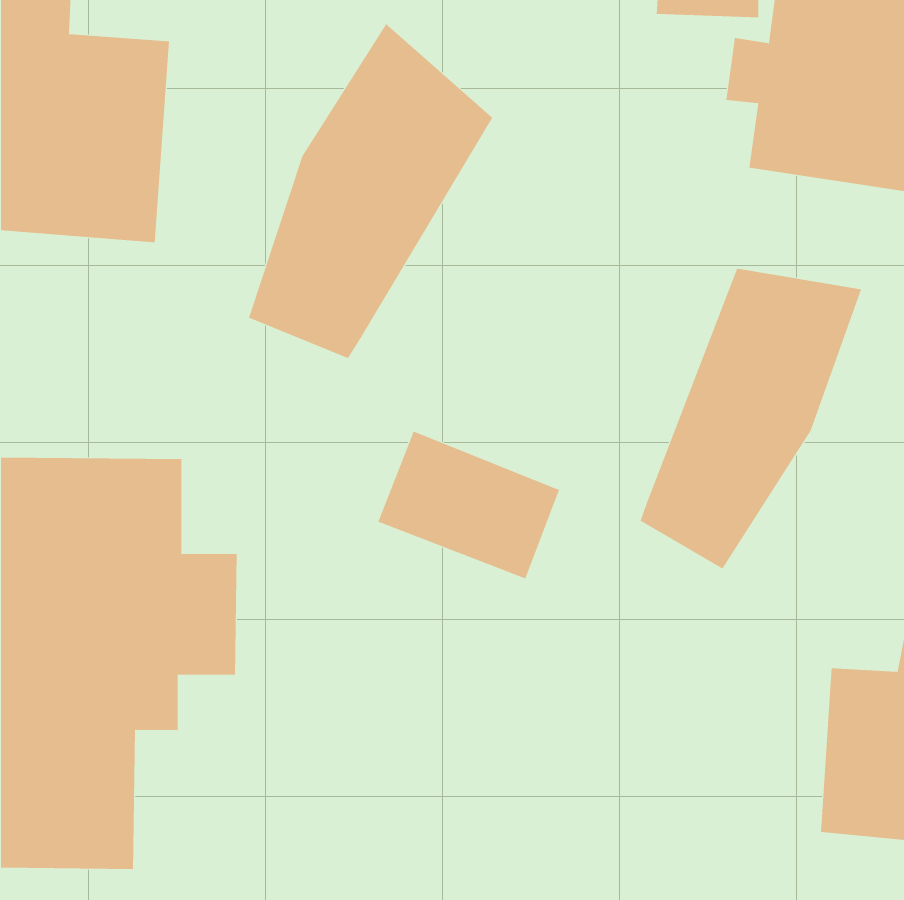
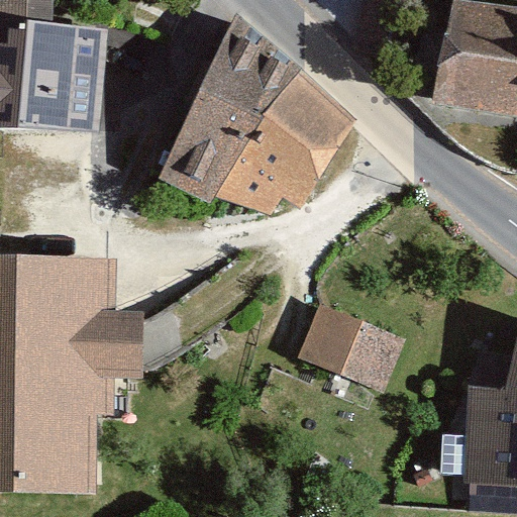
building: none -> [209,67,343,215]
building: [640,268,862,569] -> none
building: [377,431,560,579] -> [300,303,403,387]

